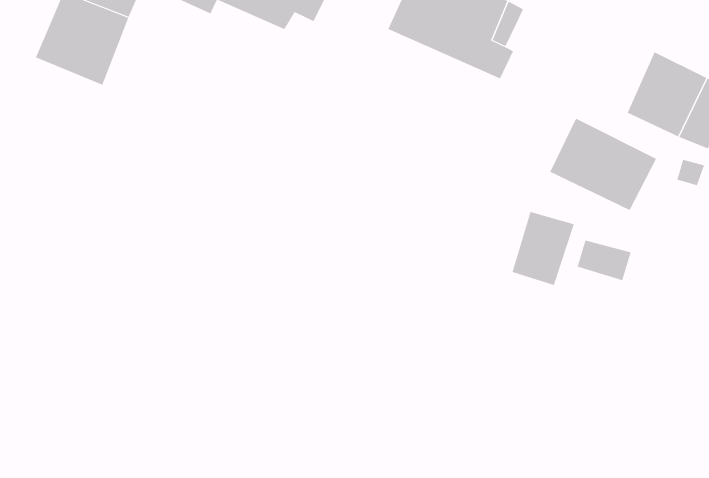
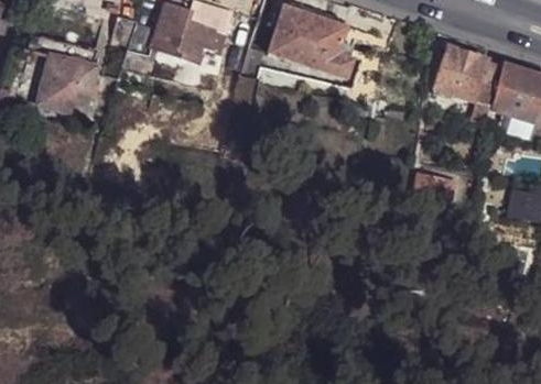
building: [550,118,657,211] -> none
building: [512,211,574,286] -> none

